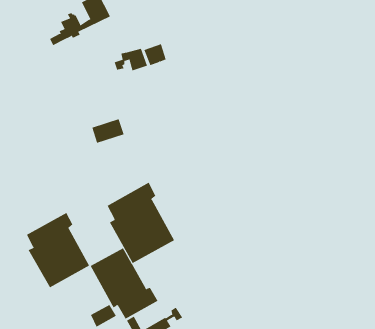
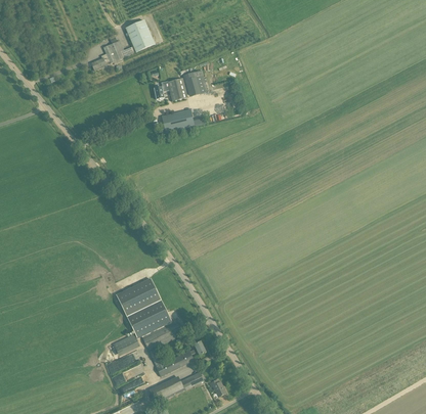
building: [91,118,124,143] -> [160,108,193,132]
building: [107,182,175,264] -> none
building: [26,212,90,288] -> none

